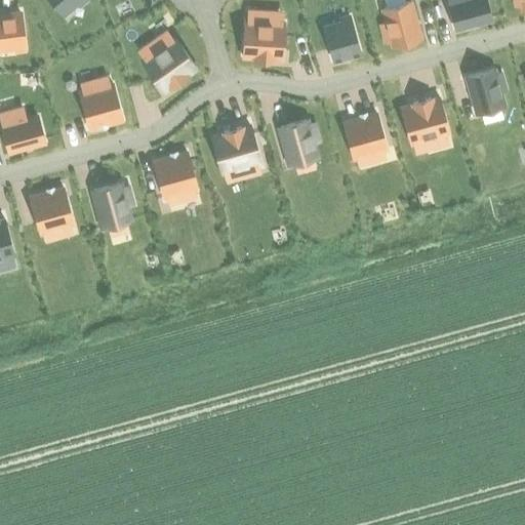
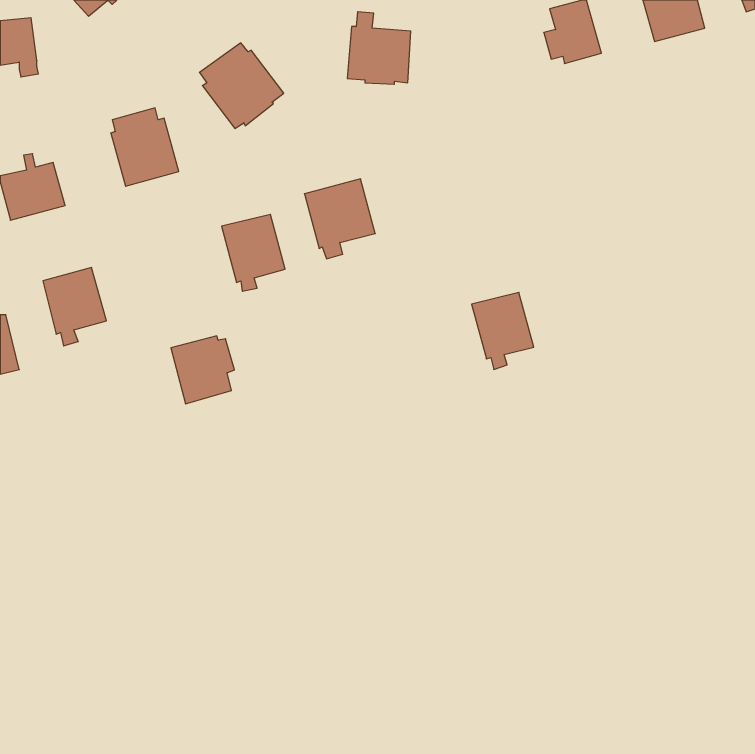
building: [322,14,358,60] -> none
building: [462,64,509,109] -> none
building: [400,95,447,152] -> none
building: [341,111,385,164] -> [472,292,534,369]
building: [278,118,320,163] -> none
building: [90,180,134,228] -> [171,336,234,404]

